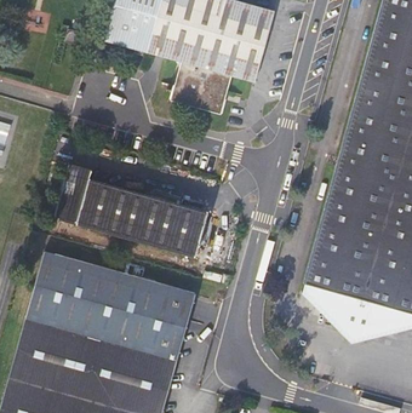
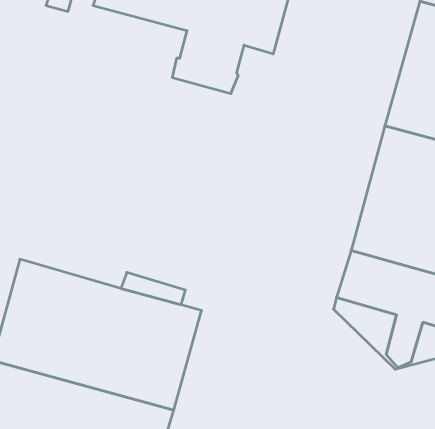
building: [55,162,206,256] -> none

